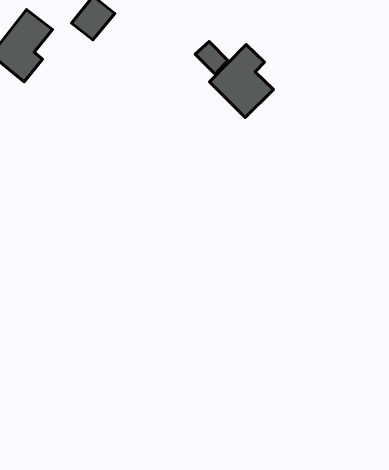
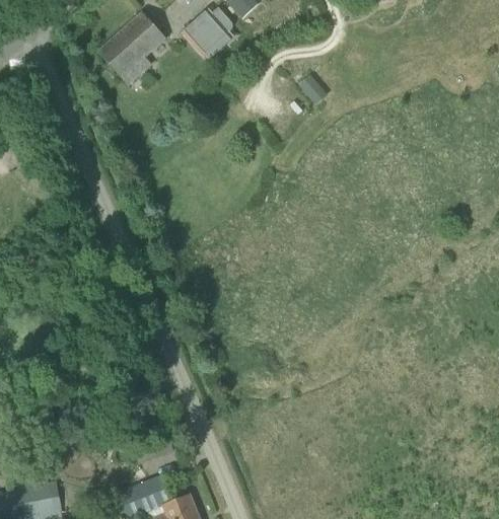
building: [210,45,274,117] -> none

